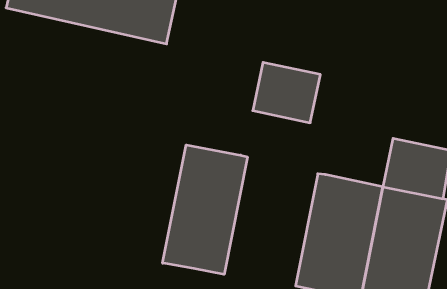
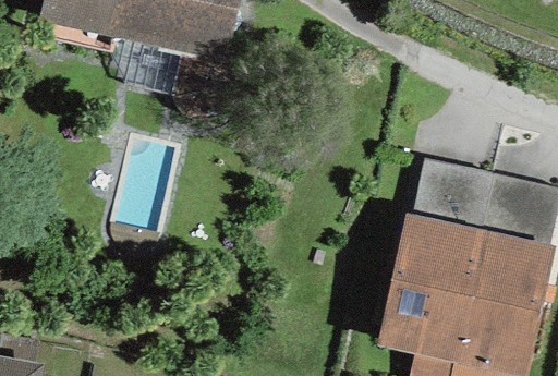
building: [253,62,320,123] -> [412,159,492,230]
building: [163,145,247,274] -> none

